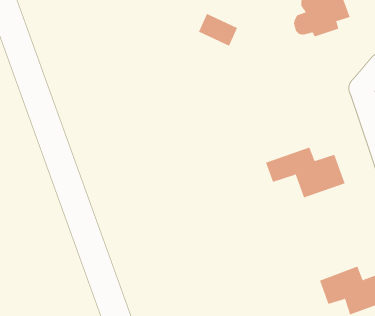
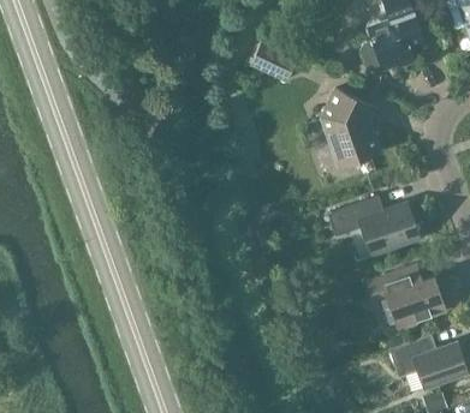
building: none -> [322,89,379,167]
building: none -> [368,269,446,328]

